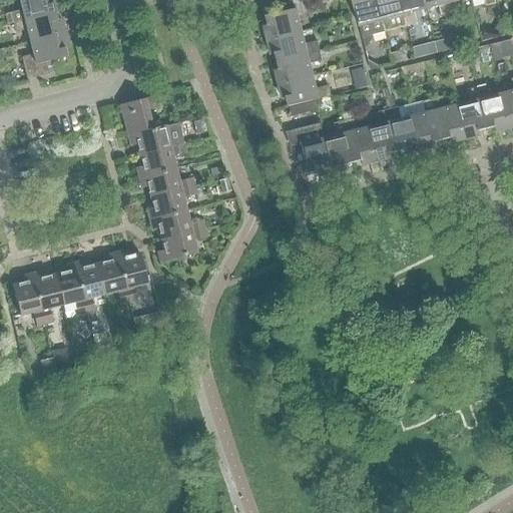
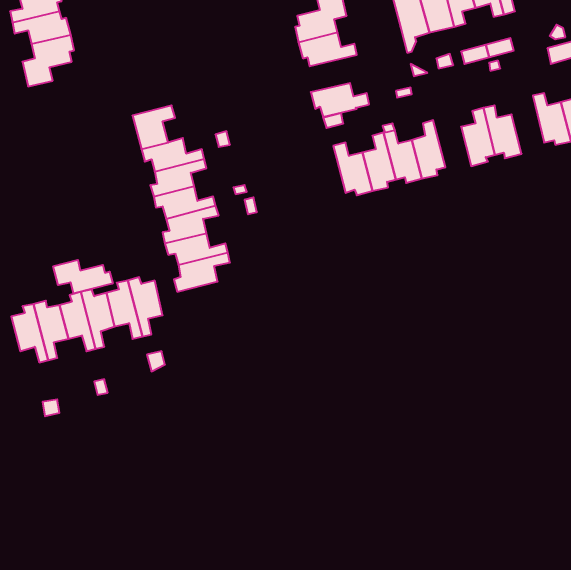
building: [277,49,323,82] -> none
building: [459,85,488,137] -> none
building: [389,105,423,152] -> none
building: none -> [53,260,113,294]

